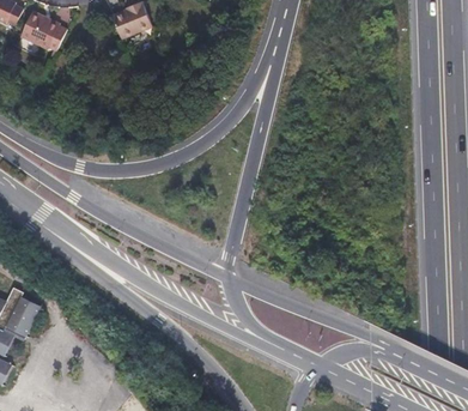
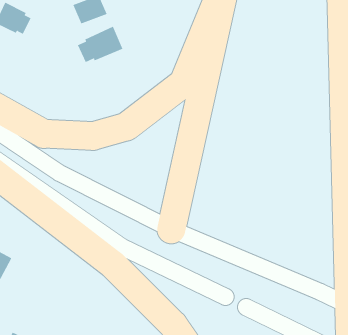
building: none -> [77,26,123,63]

